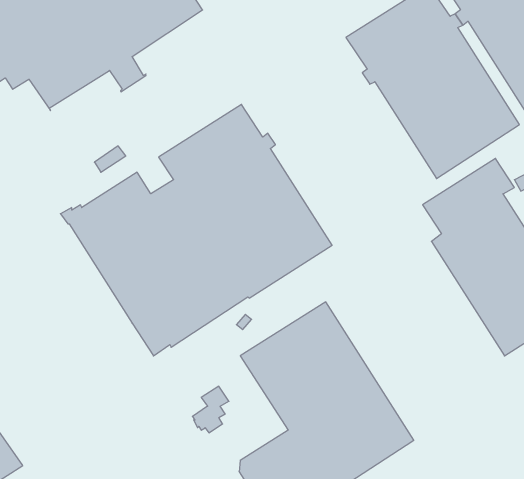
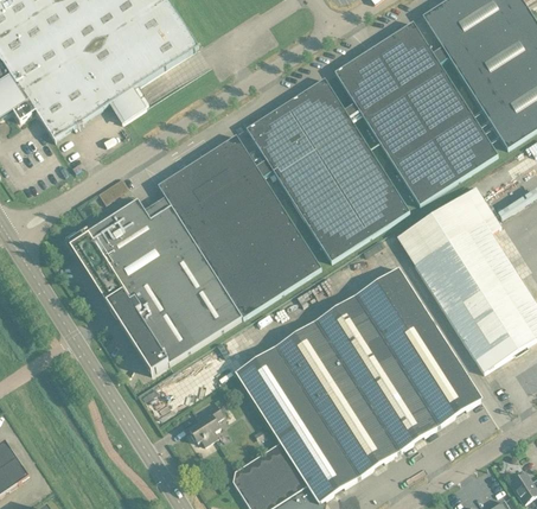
building: none -> [245,77,409,261]
building: none -> [314,266,481,451]

